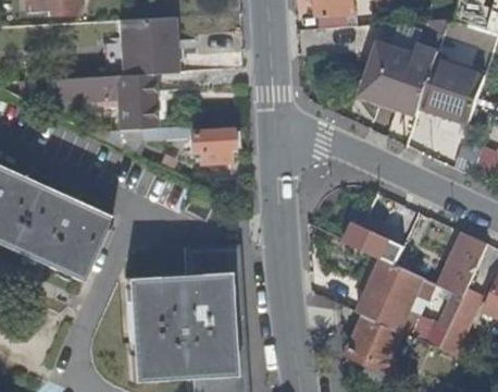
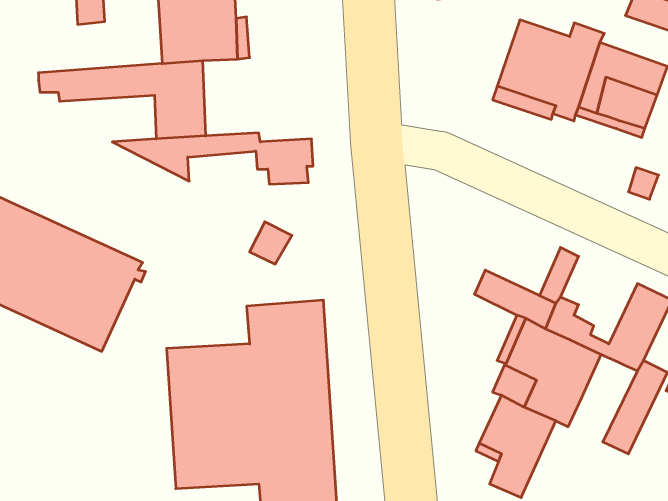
building: [413,291,463,346] -> none

